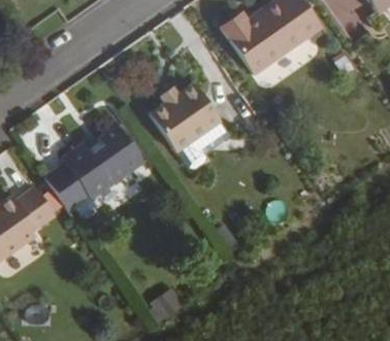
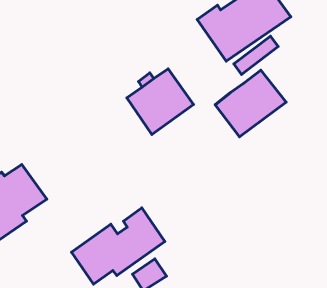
building: none -> [215,70,286,137]
building: [42,125,142,206] -> [71,208,165,284]

